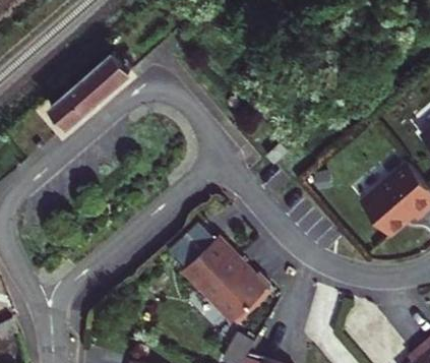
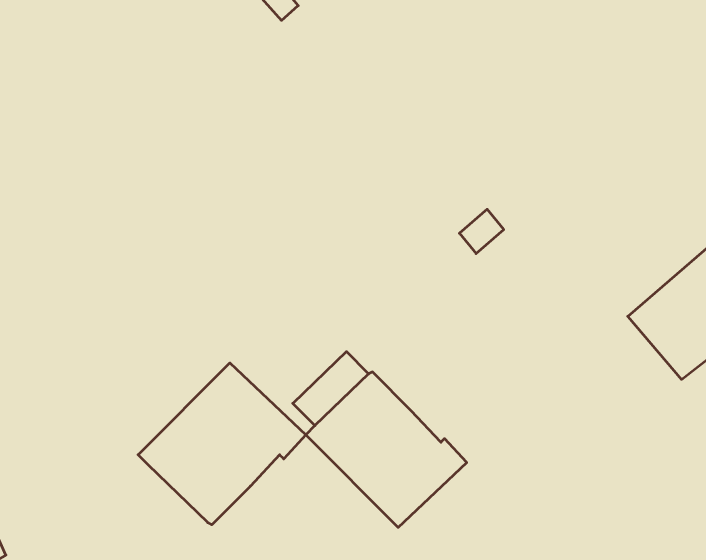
building: [50,54,130,127] -> none
building: none -> [138,363,306,525]

